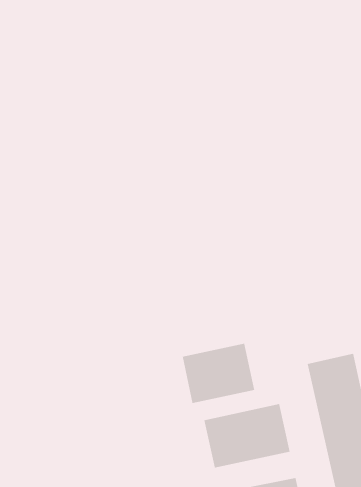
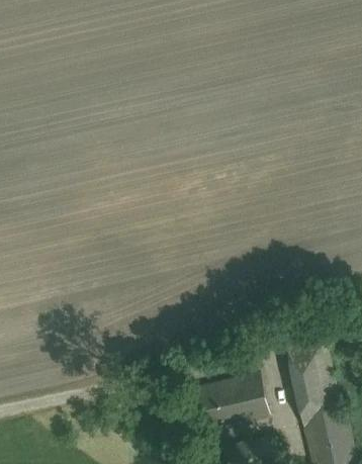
building: [182,343,255,404] -> none

